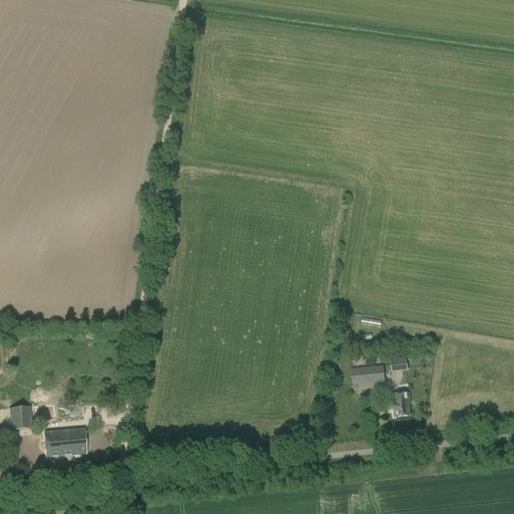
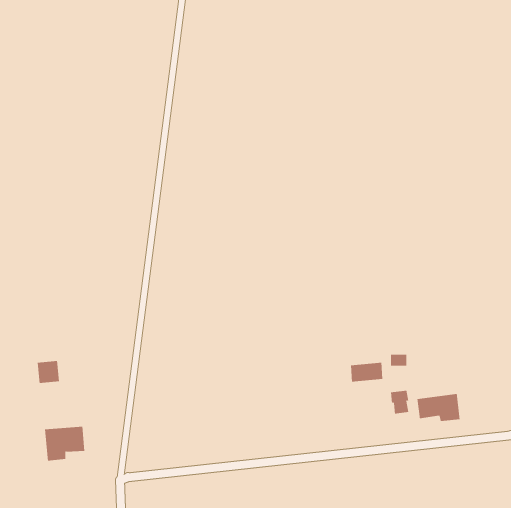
building: none -> [417,393,460,422]
building: [9,405,32,428] -> [37,360,60,383]

